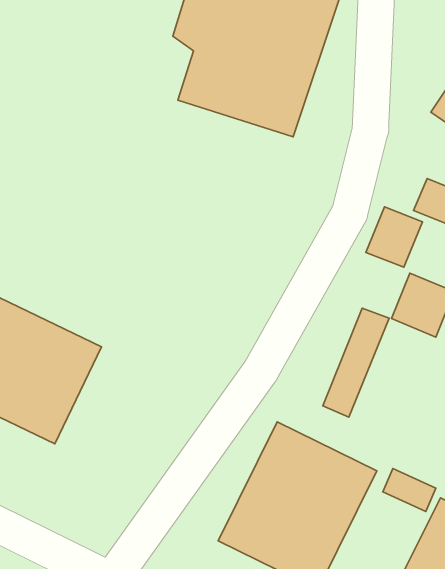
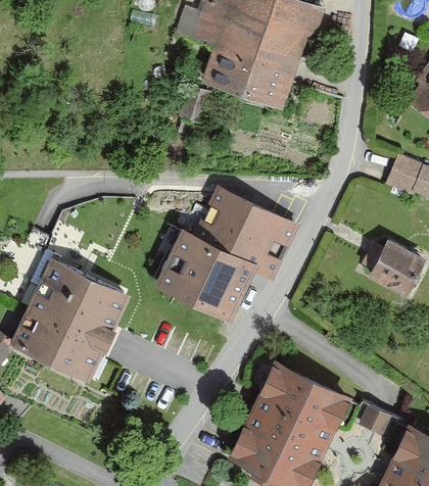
building: [366,207,422,267] -> none
building: none -> [153,195,296,317]
building: [323,308,389,417] -> none

